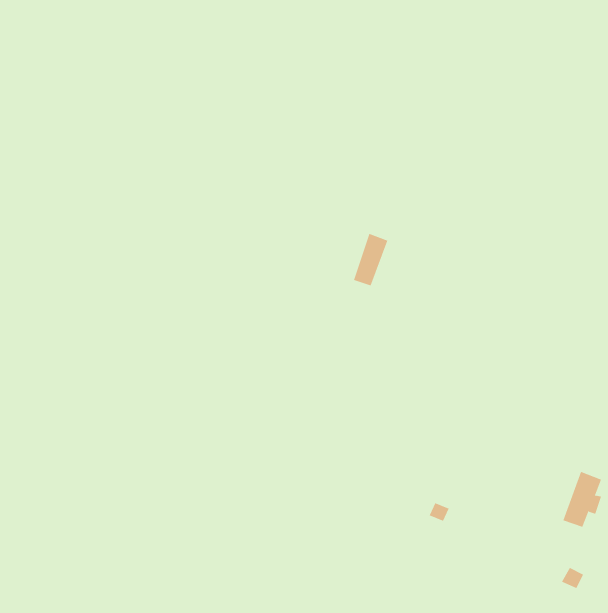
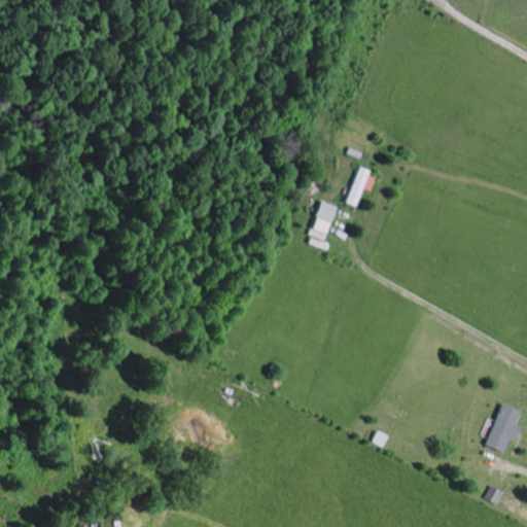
building: none -> [344,167,375,207]

